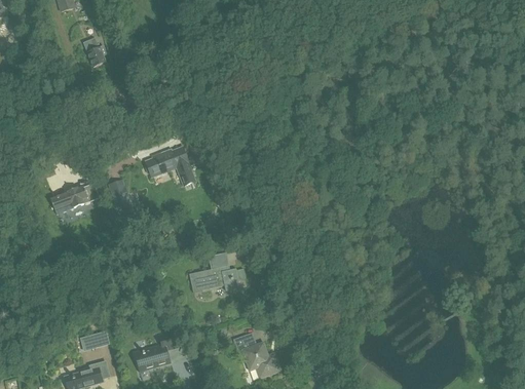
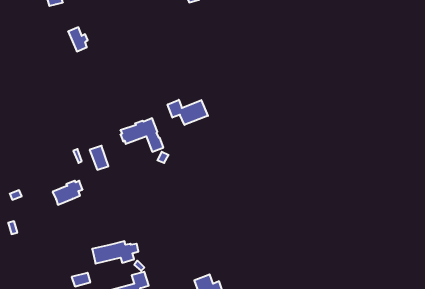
building: none -> [168,100,208,125]
building: [50,185,86,213] -> [53,181,83,205]
building: [190,265,246,291] -> [92,241,138,264]

